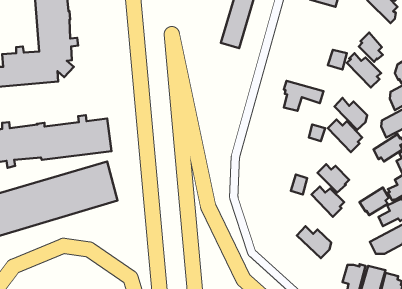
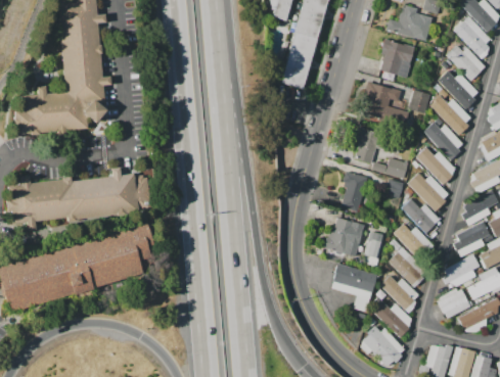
building: none -> [380,38,416,82]
building: none -> [447,45,485,80]
building: none -> [363,81,410,122]
building: none -> [424,123,463,159]
building: none -> [372,157,409,179]
building: none -> [342,172,368,211]
building: none -> [402,198,440,236]
building: none -> [324,218,355,253]
building: none -> [453,226,489,258]
building: none -> [331,264,377,312]
building: none -> [380,276,419,313]
building: none -> [437,288,470,319]
building: none -> [359,325,405,367]

